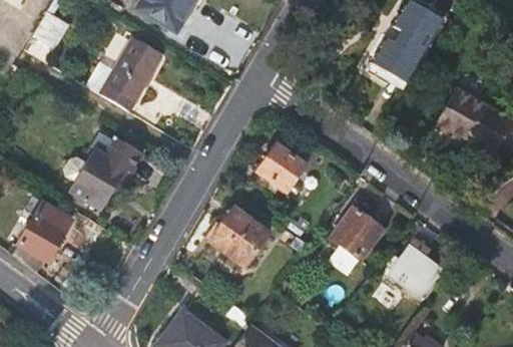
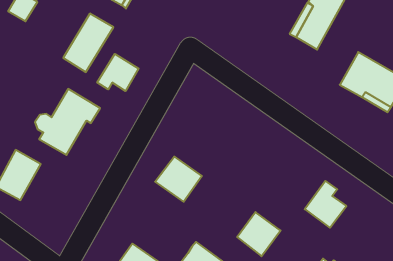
building: none -> [97,54,139,91]
building: [254,144,305,193] -> none
building: [331,208,383,261] -> [237,212,281,256]

